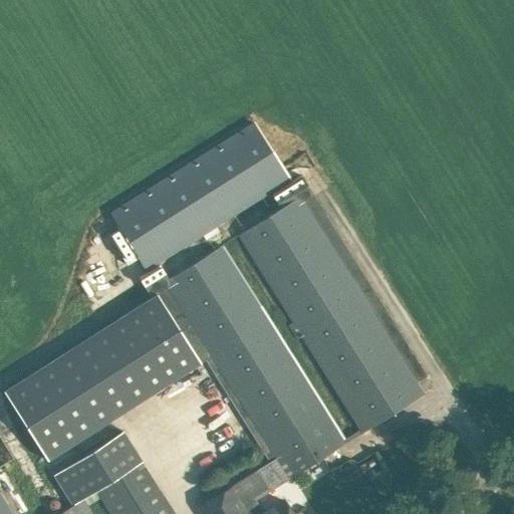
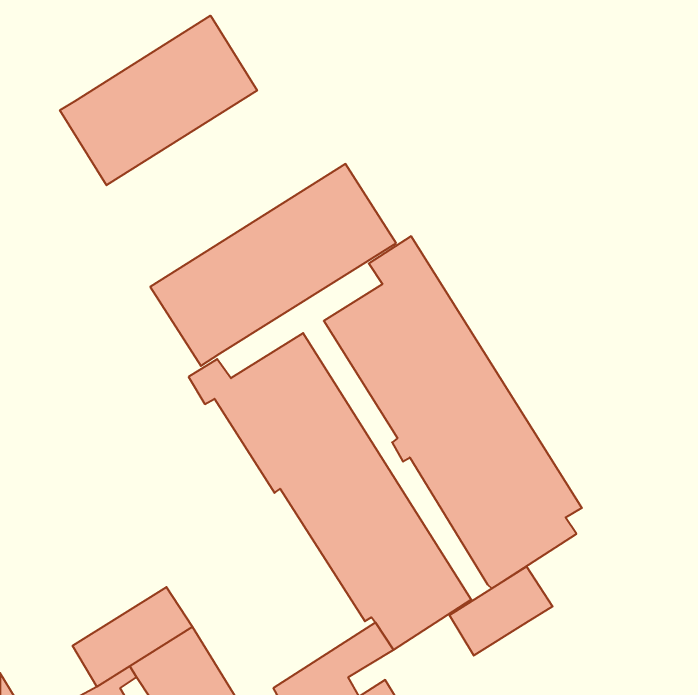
building: none -> [60,16,257,185]
building: [5,295,202,461] -> none
building: none -> [449,566,553,656]

